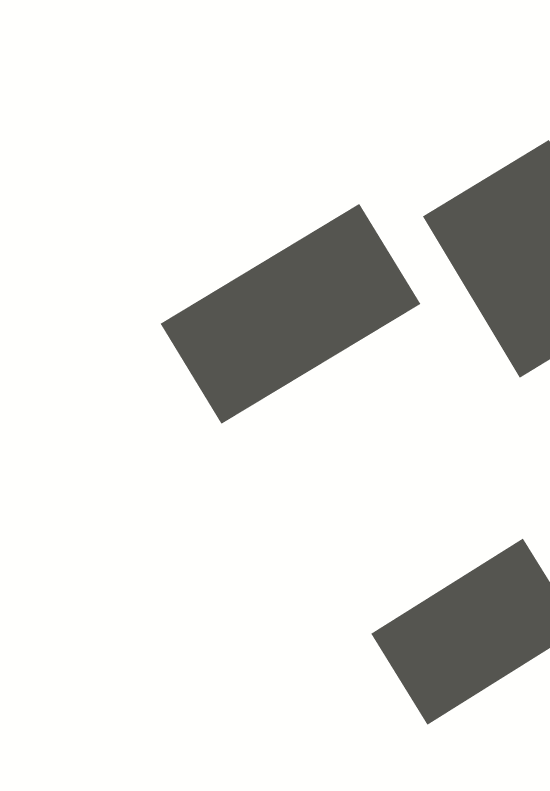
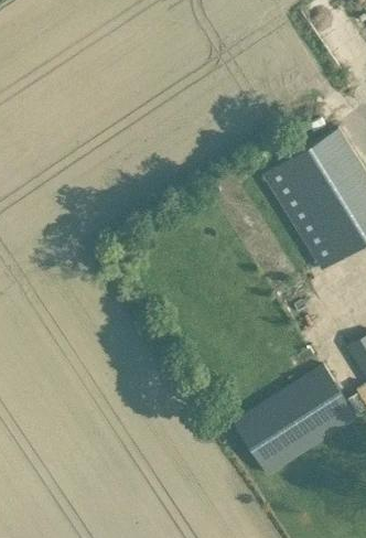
building: [159,203,421,425] -> none

